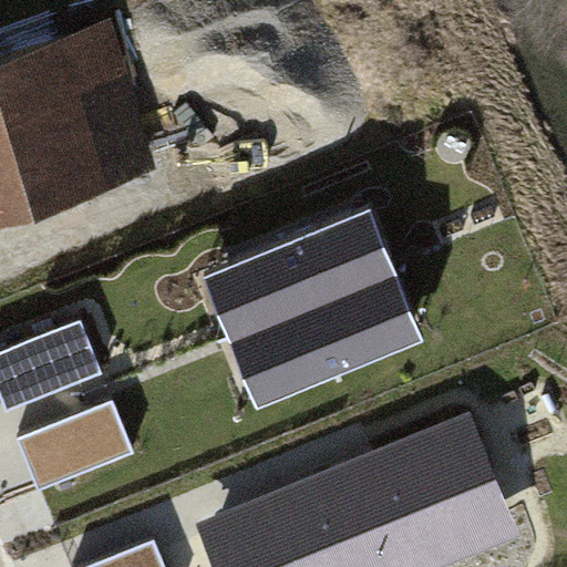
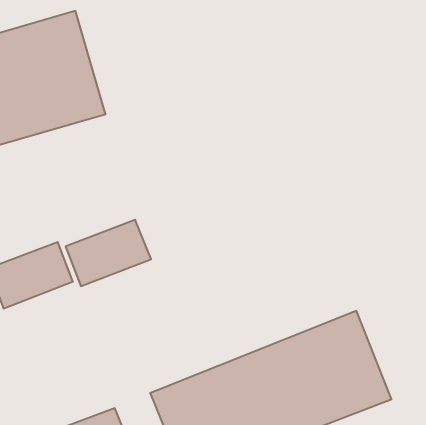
building: [204,210,419,400] -> none
building: [21,402,134,489] -> [66,220,151,286]

